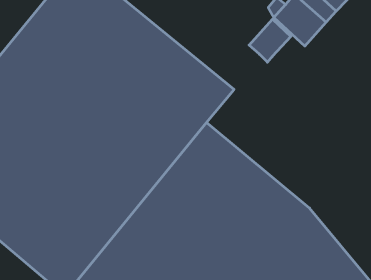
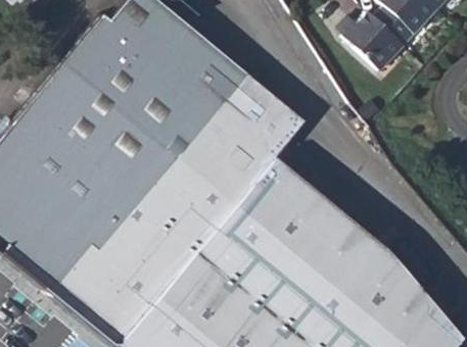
building: [249,19,291,62] -> none

